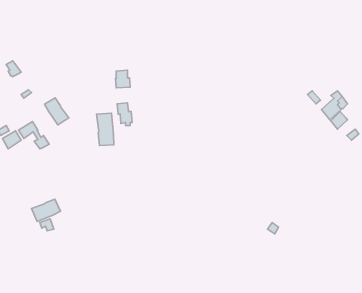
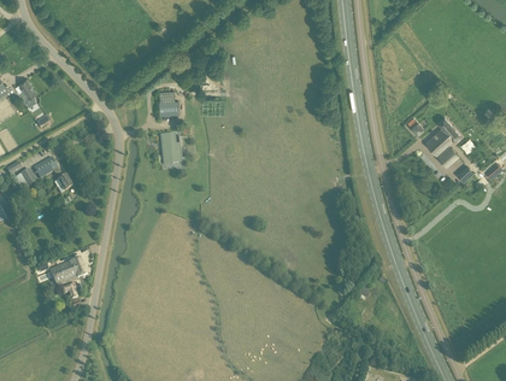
building: [45,98,69,125] -> none
building: [96,113,114,145] -> none

